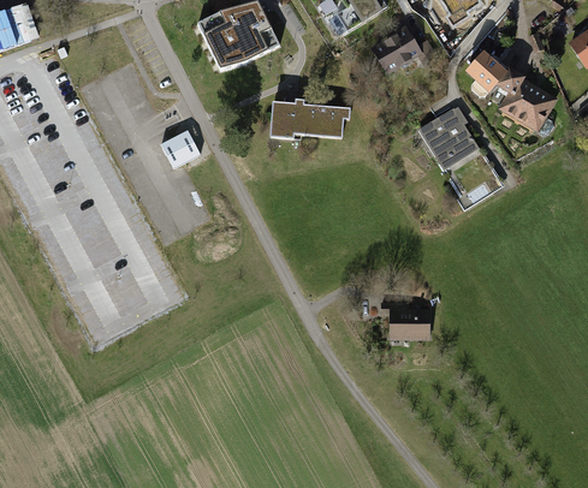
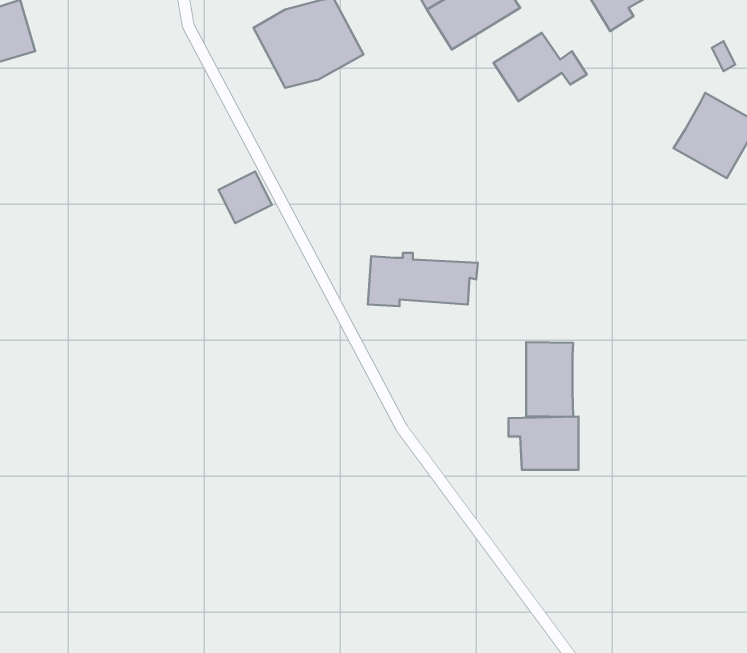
building: [464,49,518,99] -> none
building: [271,100,350,138] -> [368,253,478,306]
building: [417,106,479,175] -> none
building: none -> [526,342,573,417]

